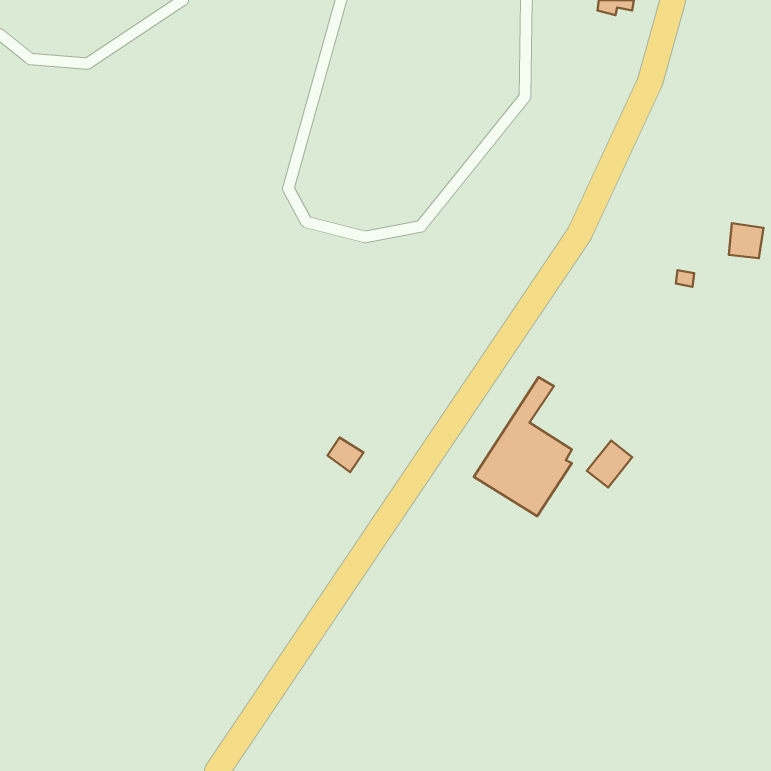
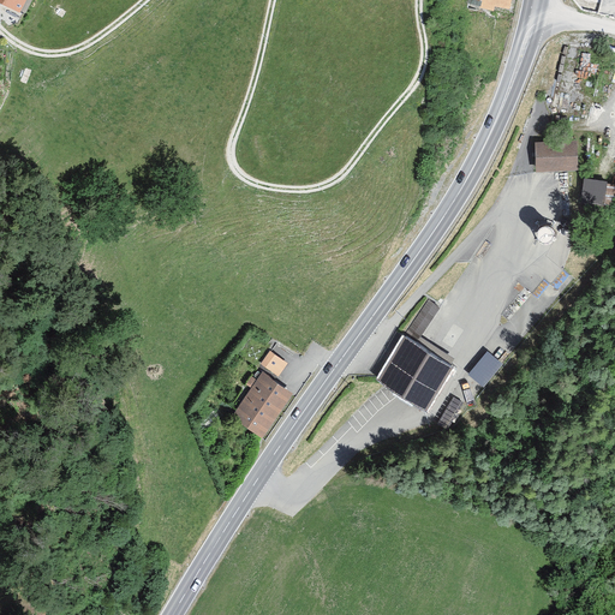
building: none -> [535,141,578,172]
building: none -> [229,375,288,438]

